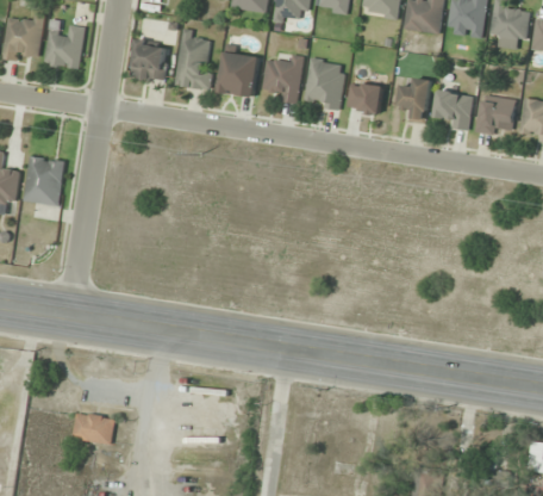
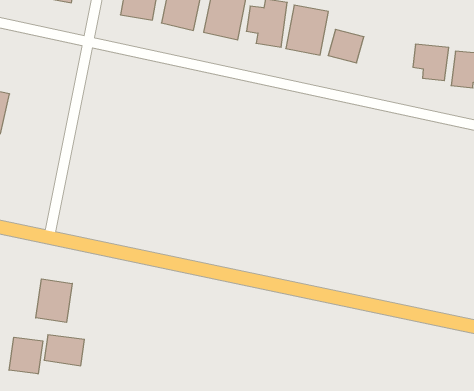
building: [398,78,432,124] -> none
building: [23,155,65,206] -> none
building: none -> [36,279,72,322]
building: none -> [9,337,43,374]

